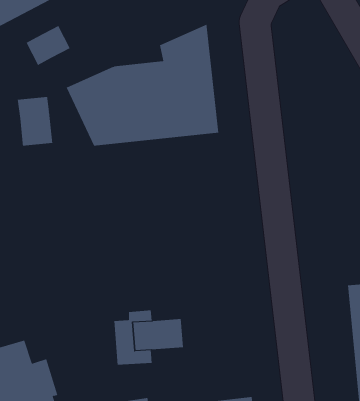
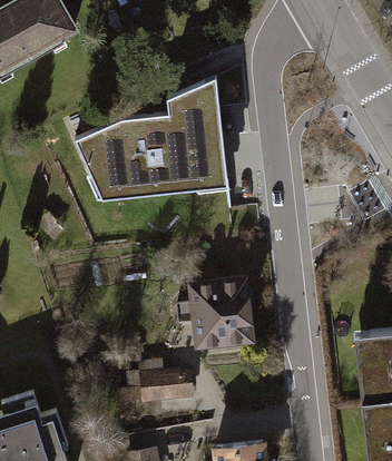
building: [26,25,70,66] -> none
building: [17,96,53,147] -> none
building: none -> [183,285,252,354]

